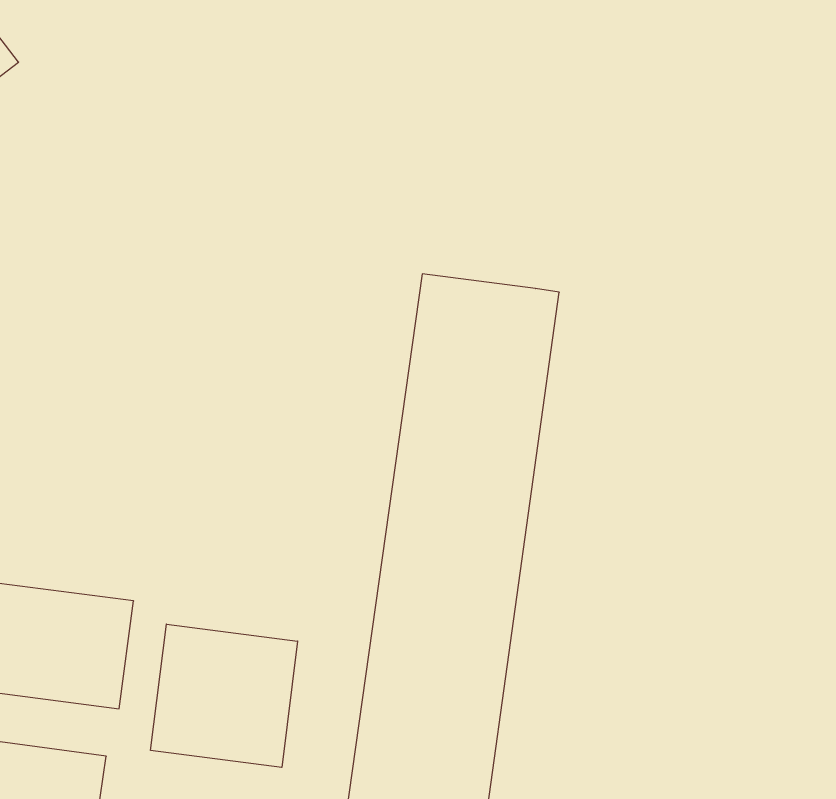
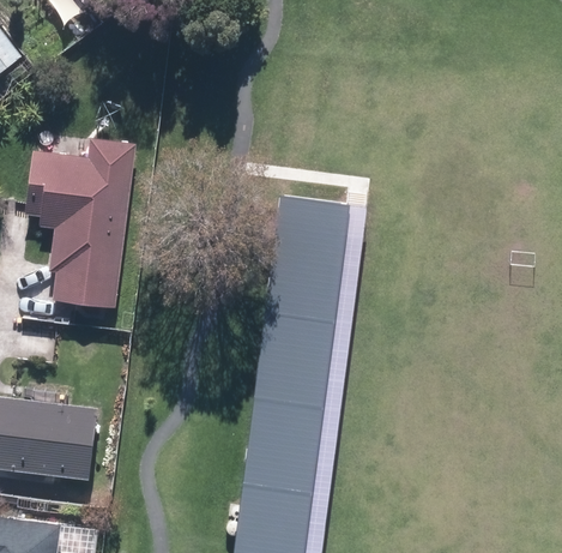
building: none -> [19,139,132,309]
building: [151,624,298,767] -> none

